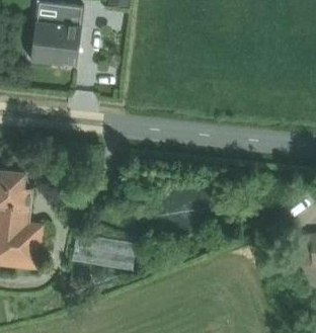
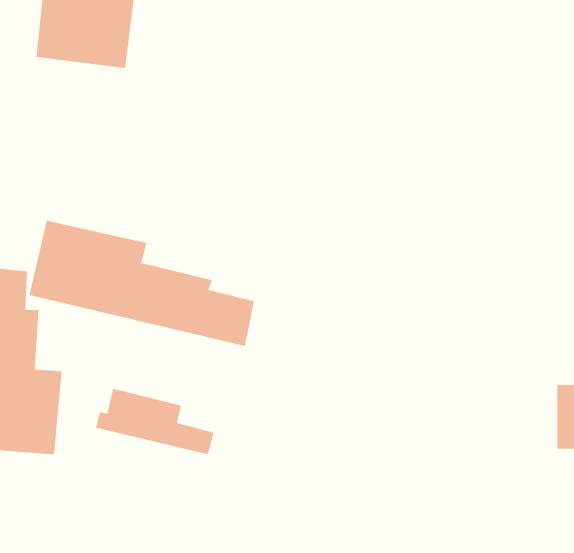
building: none -> [29,220,255,347]

